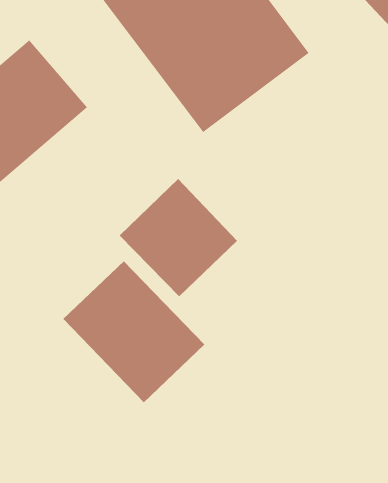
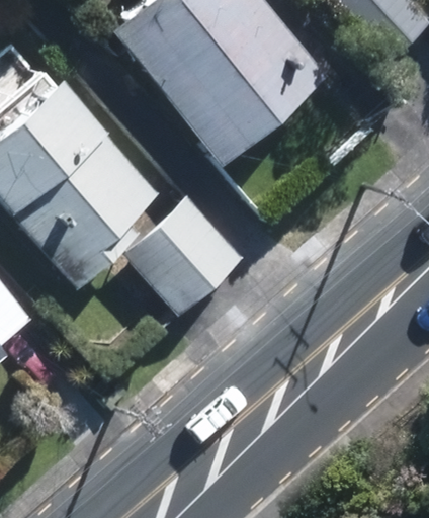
building: none -> [13,135,165,281]
building: [63,260,205,403] -> none

